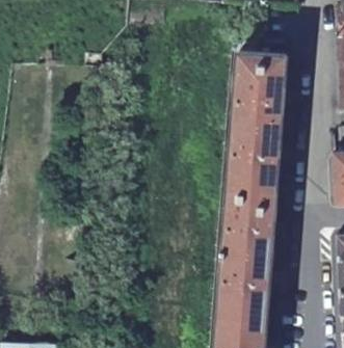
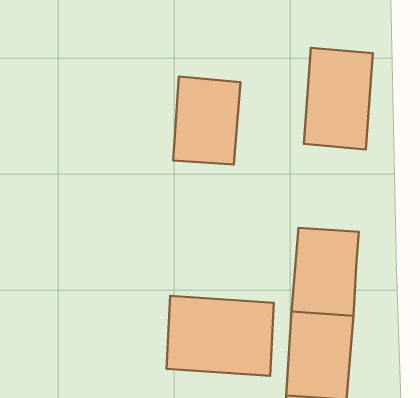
building: [230,126,281,192] -> [173,77,241,165]
building: none -> [167,296,274,376]

